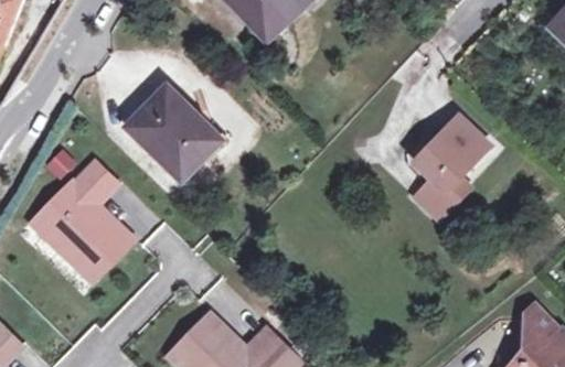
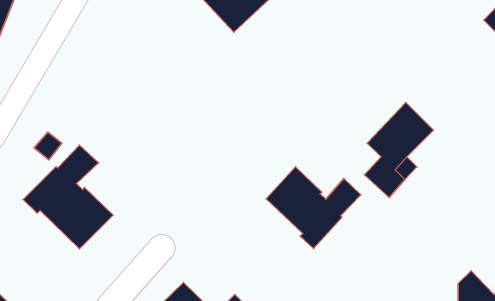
building: [127,88,215,181] -> none
building: none -> [266,167,361,248]

